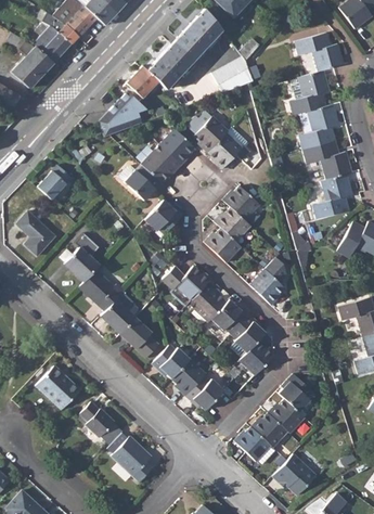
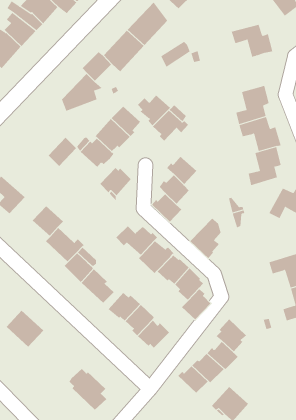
building: [291,72,330,116] -> none
building: [39,163,73,197] -> [48,137,77,167]
building: [80,401,124,444] -> none

